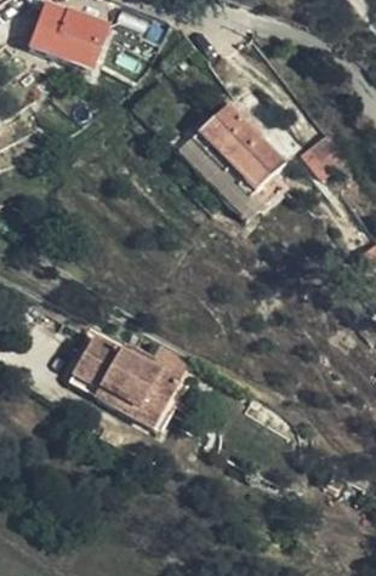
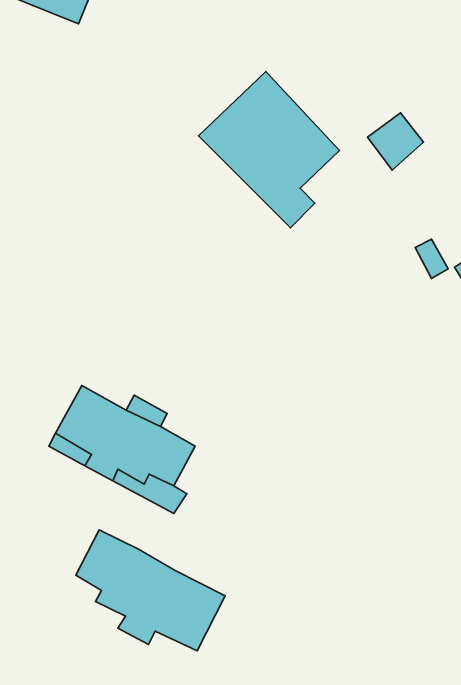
building: none -> [76,530,225,651]

